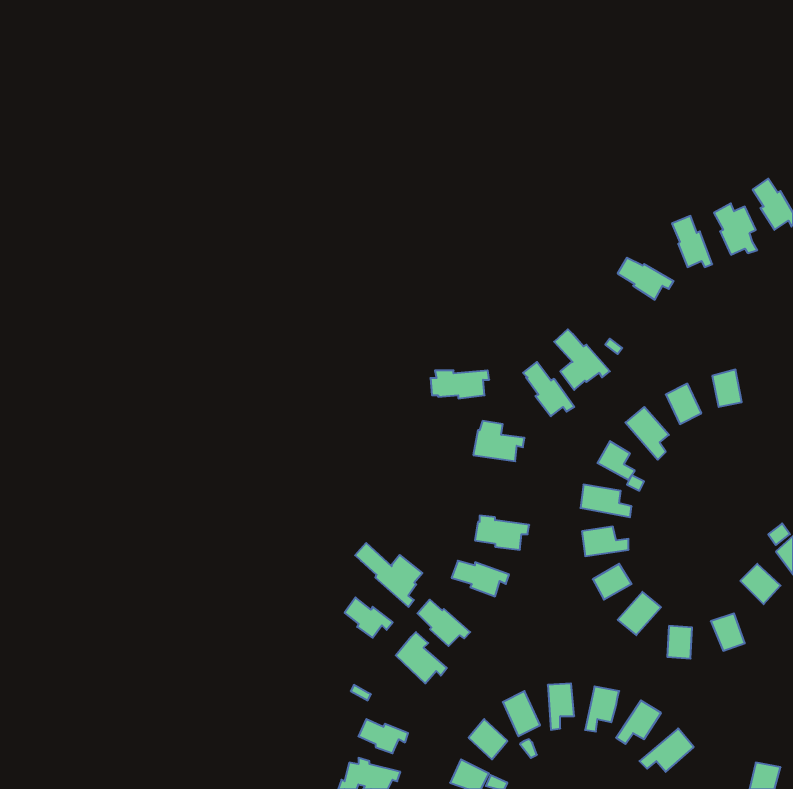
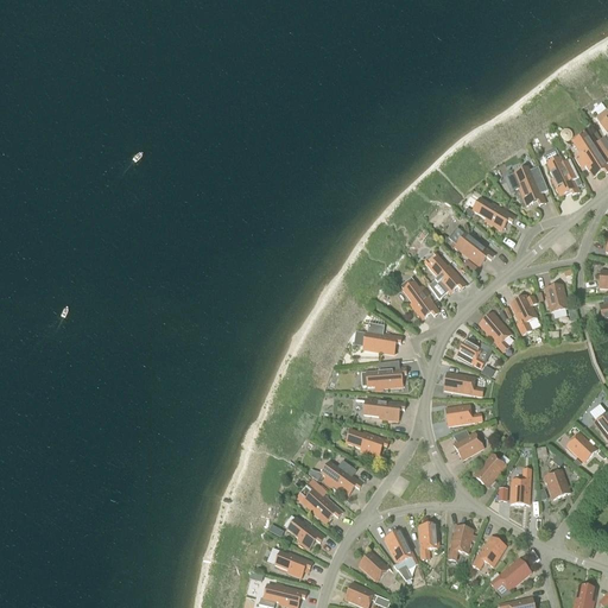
building: none -> [455,230,495,265]
building: [430,370,489,398] -> [361,366,406,387]
building: [355,543,422,607] -> none
building: [345,597,393,638] -> [287,517,324,547]

